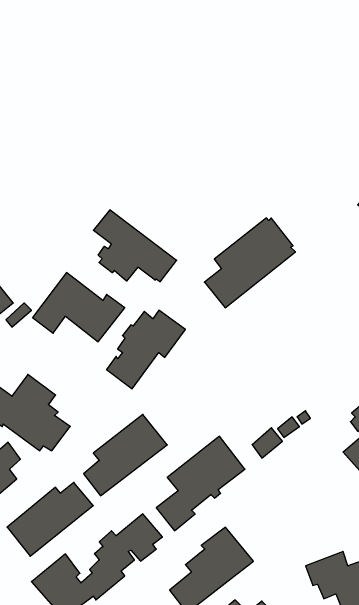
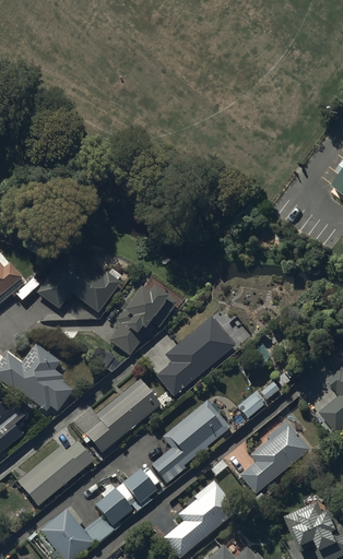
building: [93,210,177,282] -> none
building: [204,218,295,308] -> [155,318,237,399]
building: none -> [238,420,309,495]

